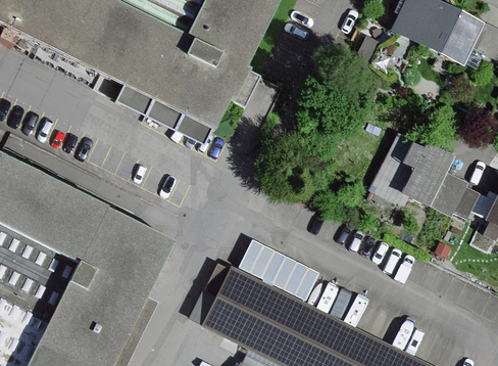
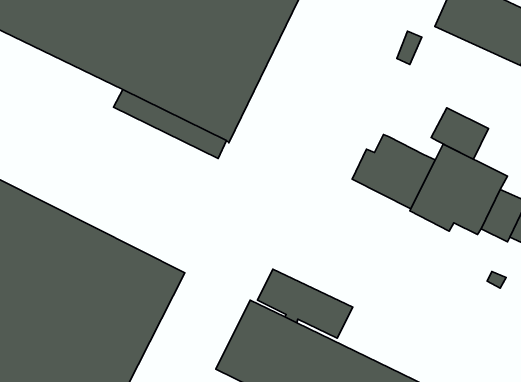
building: none -> [431,108,488,159]
building: none -> [352,134,435,209]

